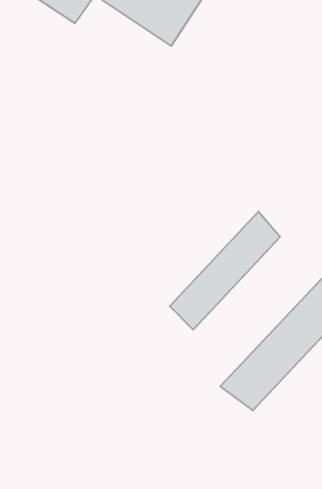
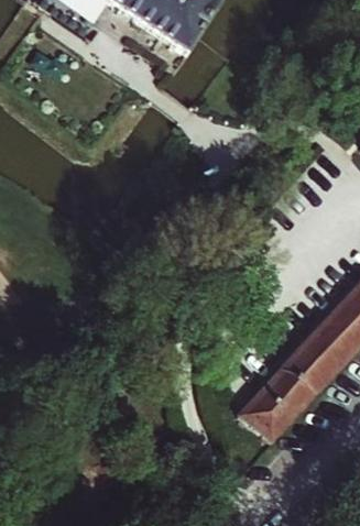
building: [170,211,280,330] -> none

